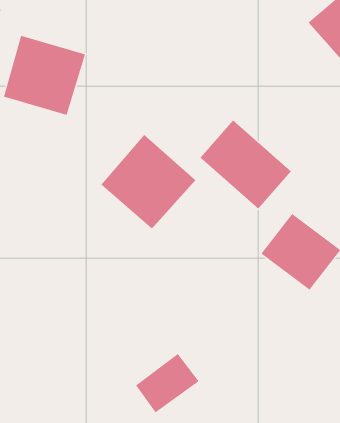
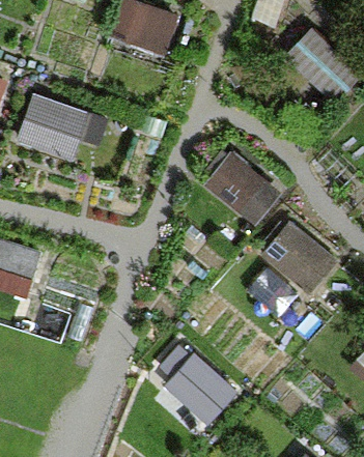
building: [100,134,196,230] -> none

